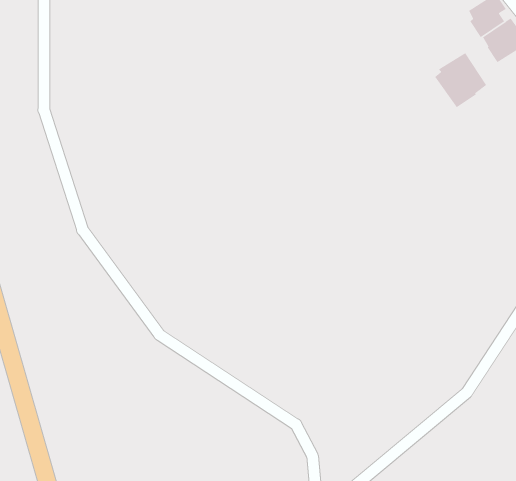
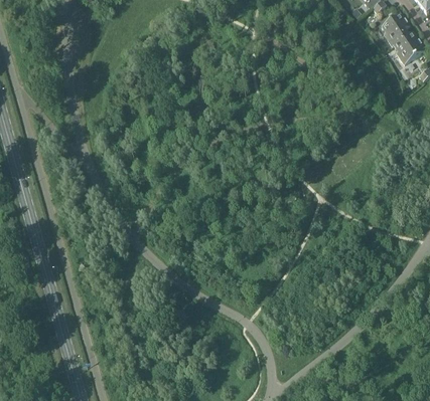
building: [434,52,487,108] -> none

